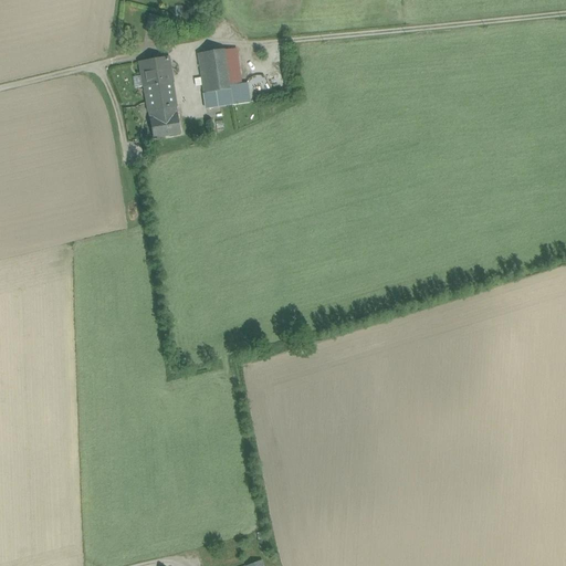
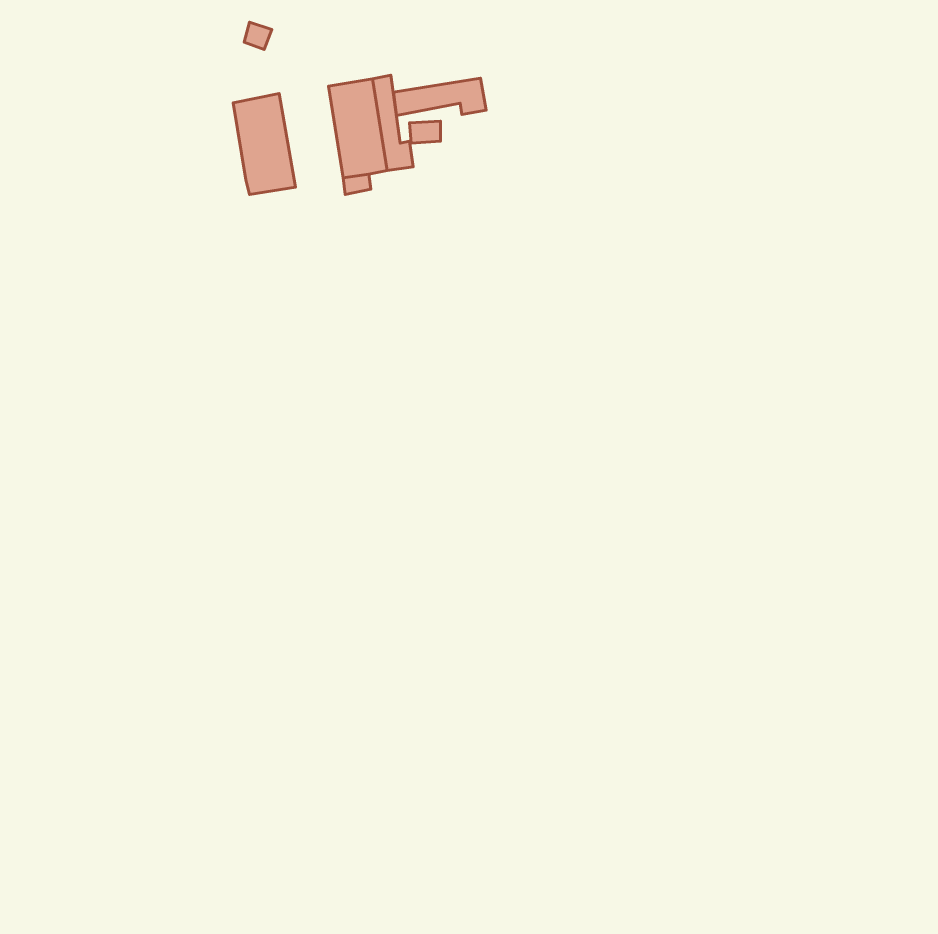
building: none -> [393,78,486,115]
building: [150,113,181,137] -> none

